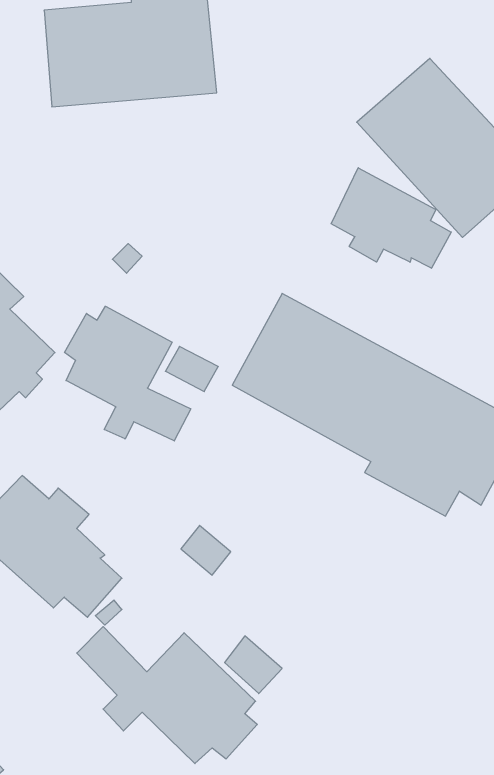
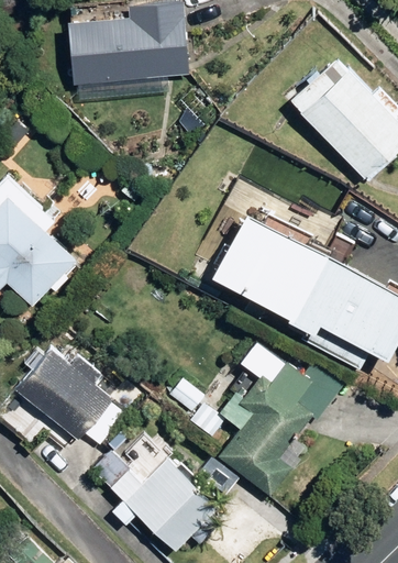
building: [331,168,451,268] -> none
building: [65,306,191,441] -> none
building: none -> [218,356,343,496]

